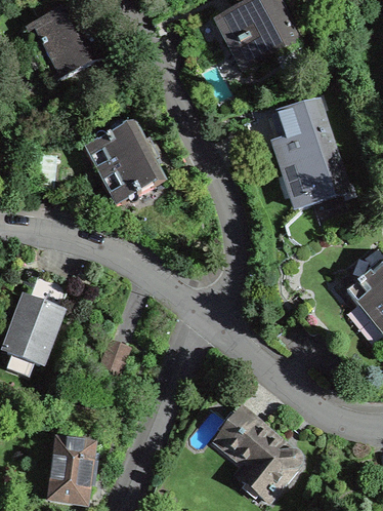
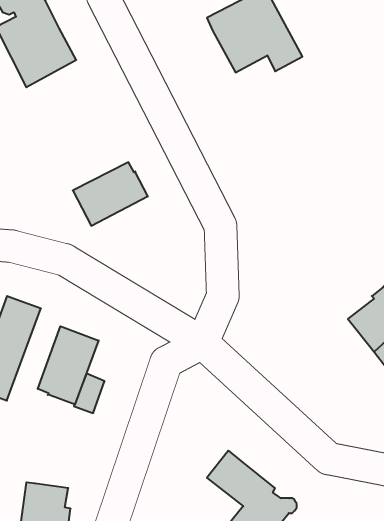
building: [276,100,347,206] -> none
building: [85,119,150,173] -> none
building: none -> [38,326,99,404]

